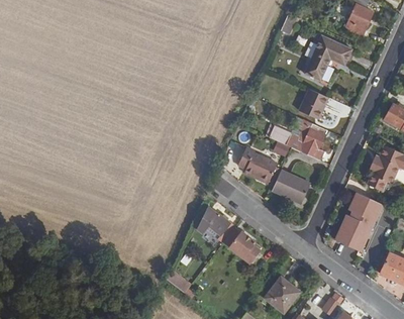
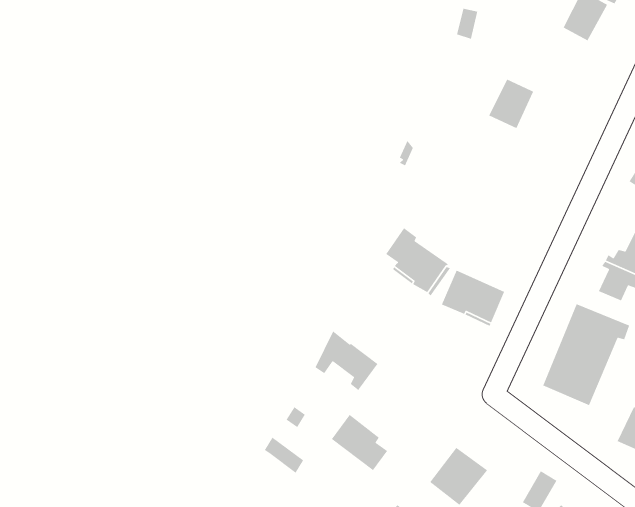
building: [312,34,352,71] -> none
building: [300,89,328,118] -> none
building: [271,119,327,160] -> none
building: [224,227,259,261] -> [331,414,388,471]

